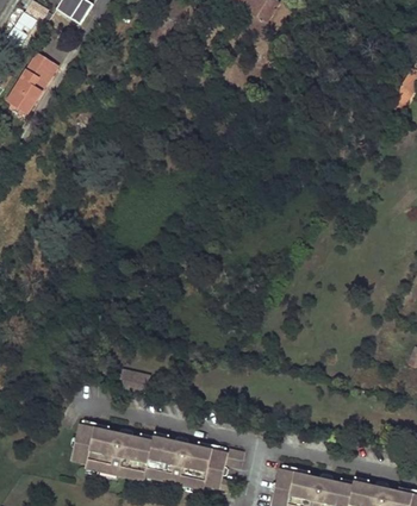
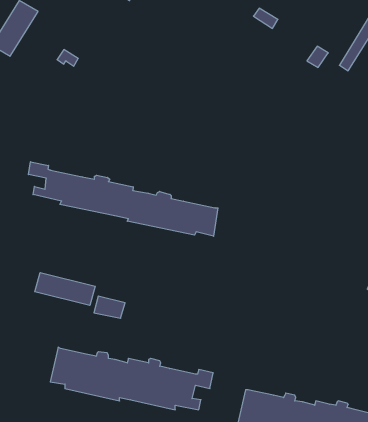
building: none -> [28,162,218,236]
building: none -> [35,273,95,305]

